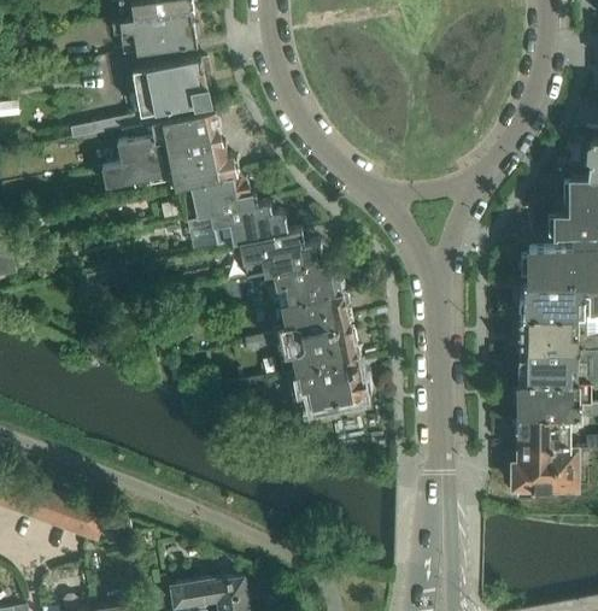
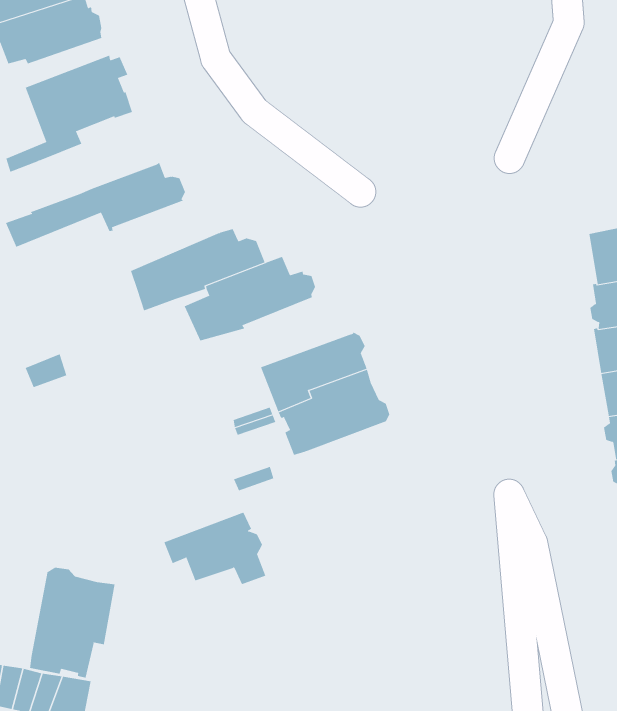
building: [117,111,219,164] -> none
building: [180,175,256,219] -> none
building: [263,260,344,306] -> none
building: [293,362,365,415] -> [163,512,266,585]
building: none -> [30,567,115,679]

